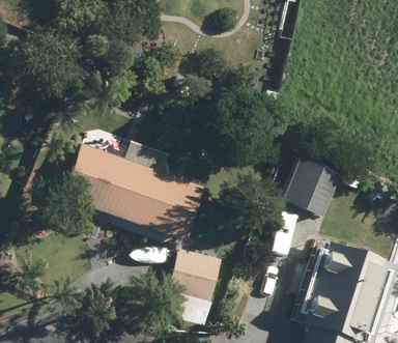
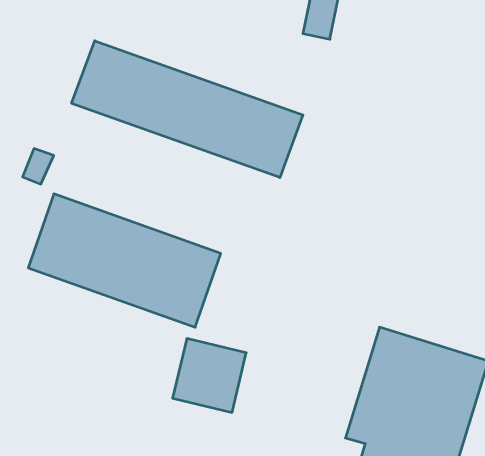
building: none -> [72,41,303,178]
building: [283,154,341,217] -> none

